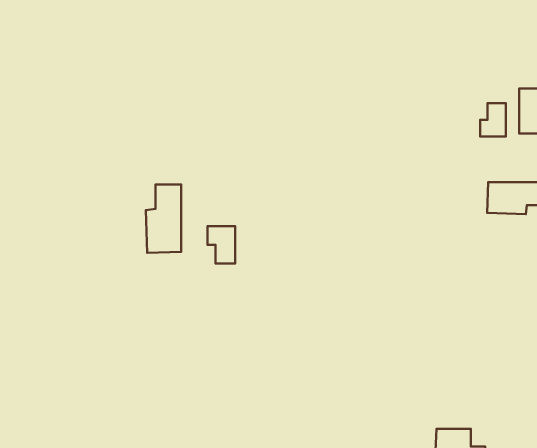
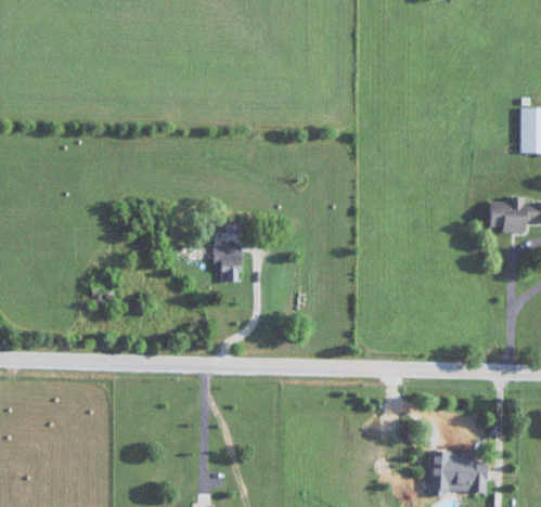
building: [480,103,506,136] -> none
building: [146,184,181,253] -> none

